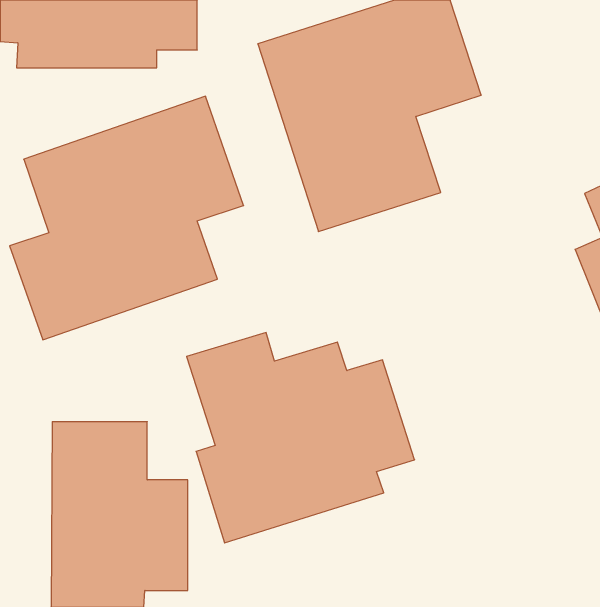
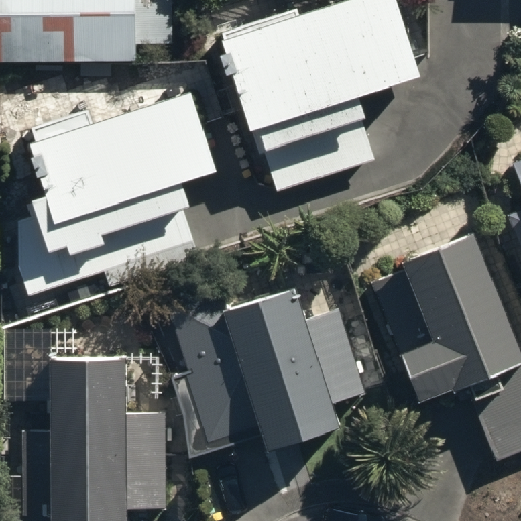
building: none -> [392,228,516,400]

